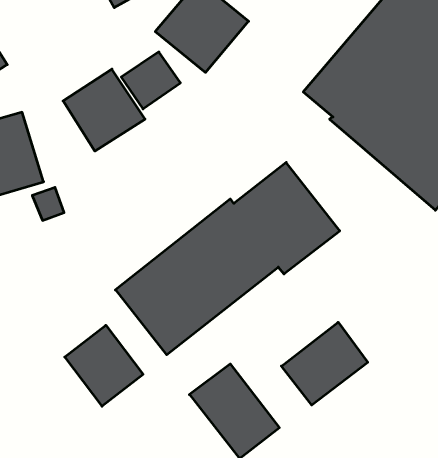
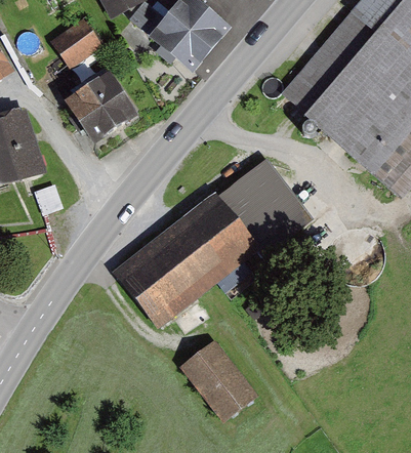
building: [121,52,180,109] -> [51,15,105,67]
building: [281,322,368,405] -> none
building: [65,325,143,406] -> none

